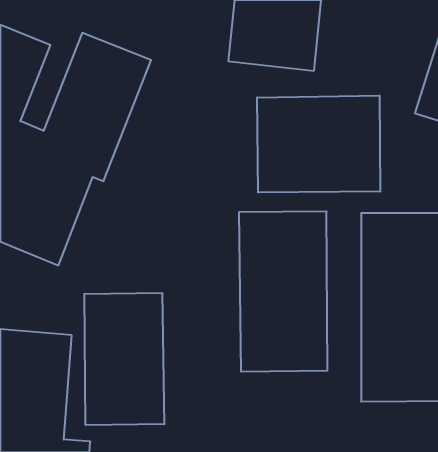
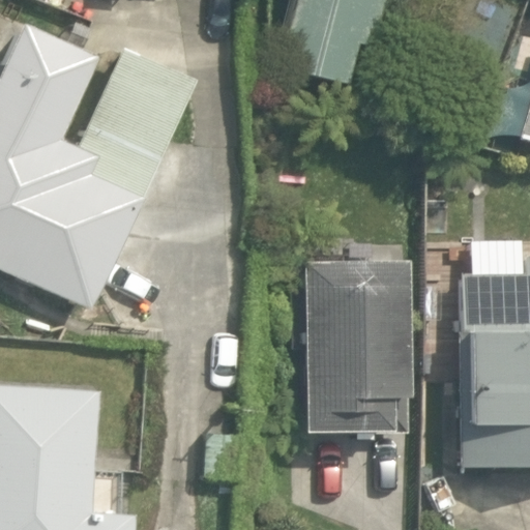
building: [257,95,380,193] -> none
building: [84,293,164,425] -> none

